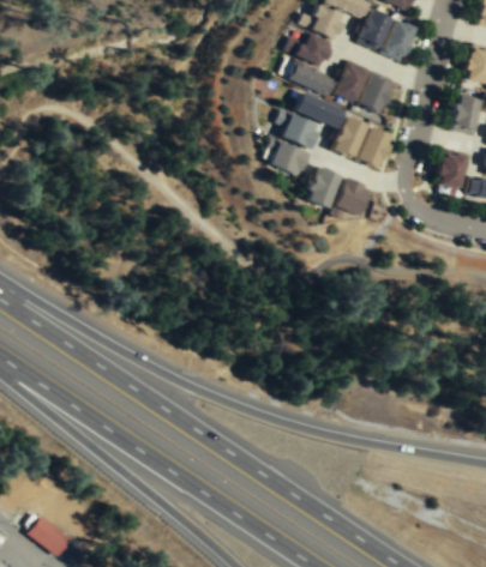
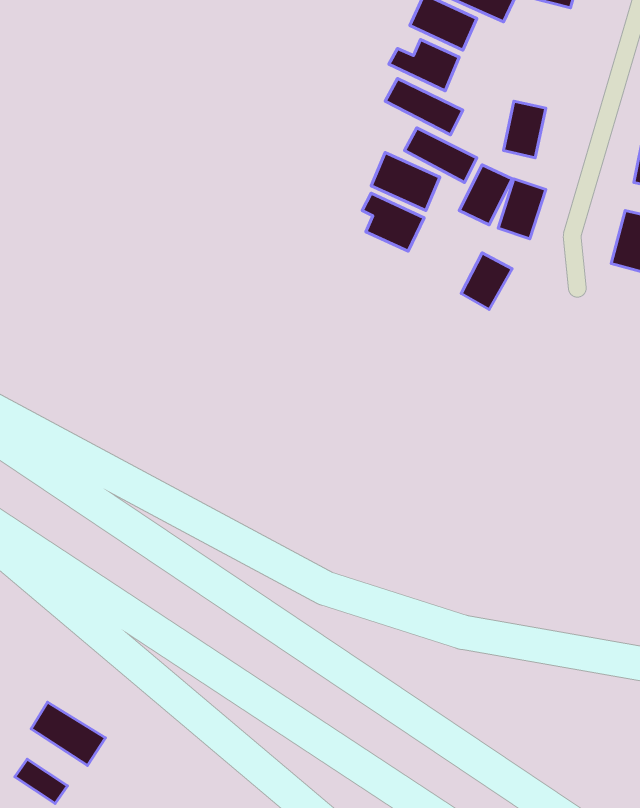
building: [362,11,418,62] -> none
building: [342,66,366,101] -> none
building: [307,165,343,207] -> none
building: none -> [31,702,106,766]

